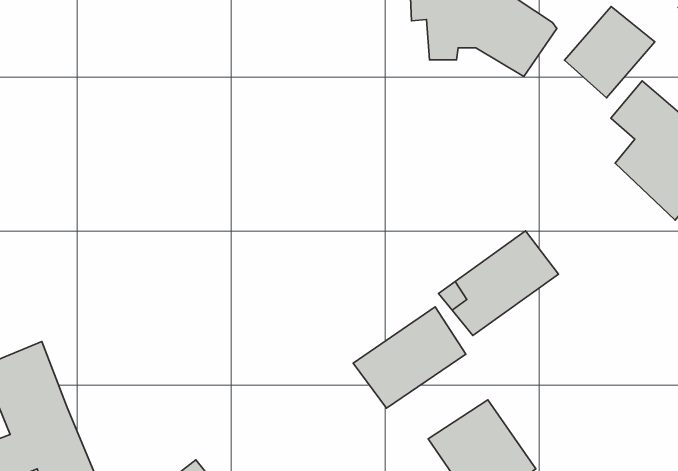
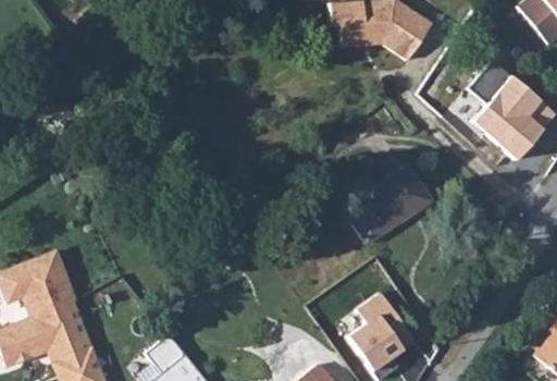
building: [565,6,655,98] -> none
building: [353,307,466,408] -> none

